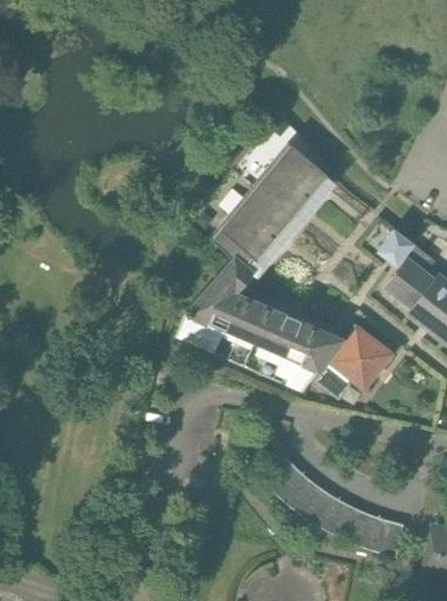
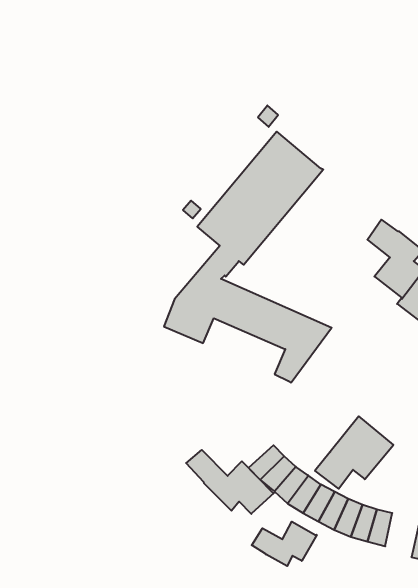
building: [315,326,394,399] -> [315,416,393,489]
building: none -> [186,450,274,514]
building: none -> [252,522,317,566]

